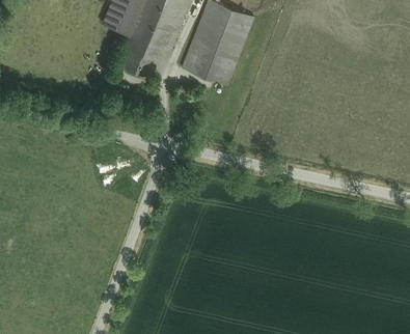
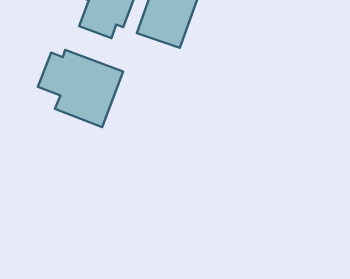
building: none -> [38,50,123,127]

